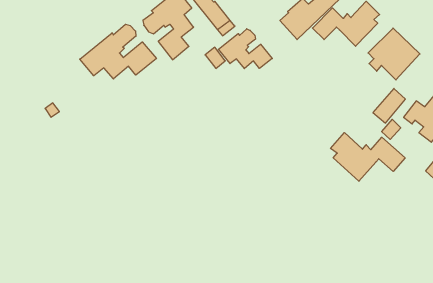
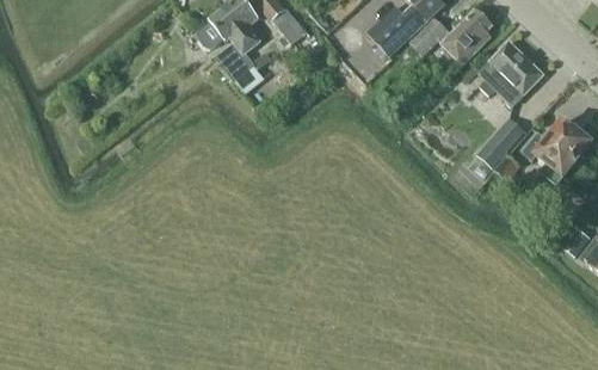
building: [80,24,156,79] -> none
building: [218,29,272,69] -> none
building: [331,133,405,181] -> none

